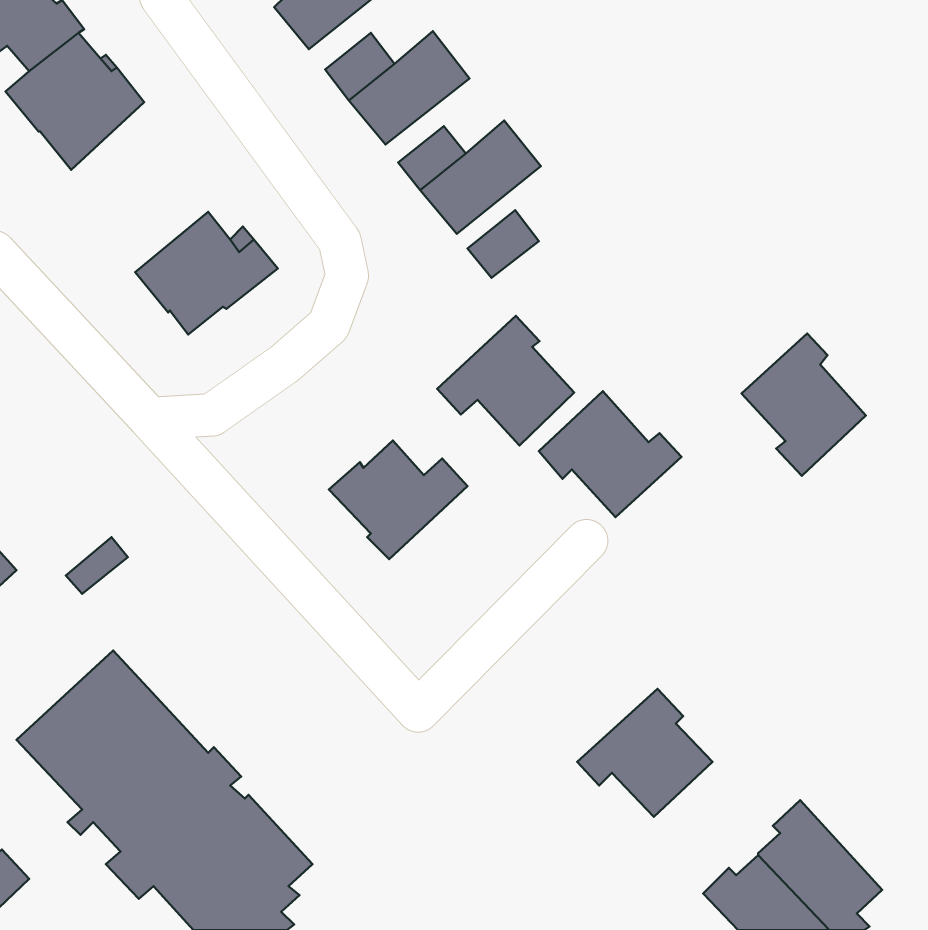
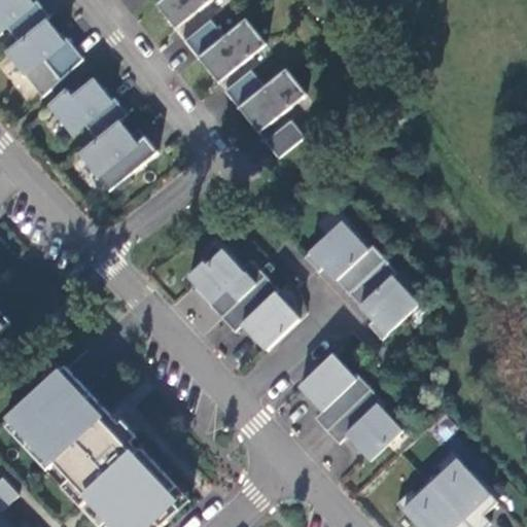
building: none -> [46,78,126,138]
building: [437,316,574,445] -> [219,274,296,347]
building: [742,333,866,476] -> [347,257,417,338]
building: none -> [298,354,371,429]

